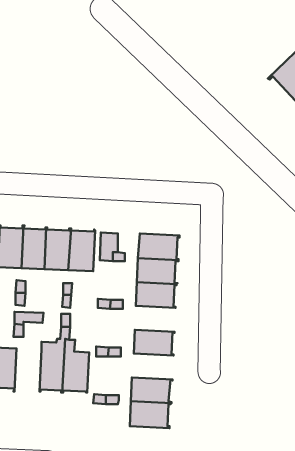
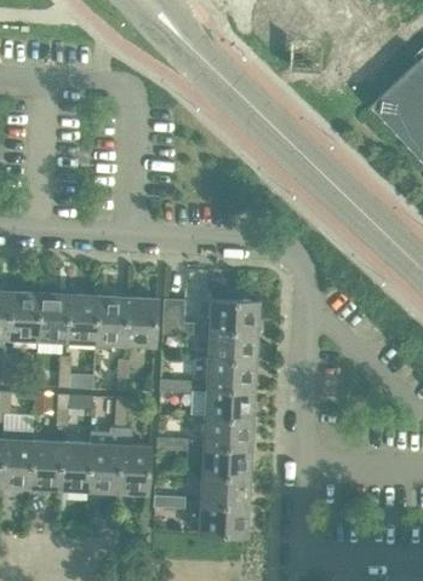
building: none -> [205,390,255,421]
building: none -> [58,442,91,494]
building: none -> [201,448,252,479]

